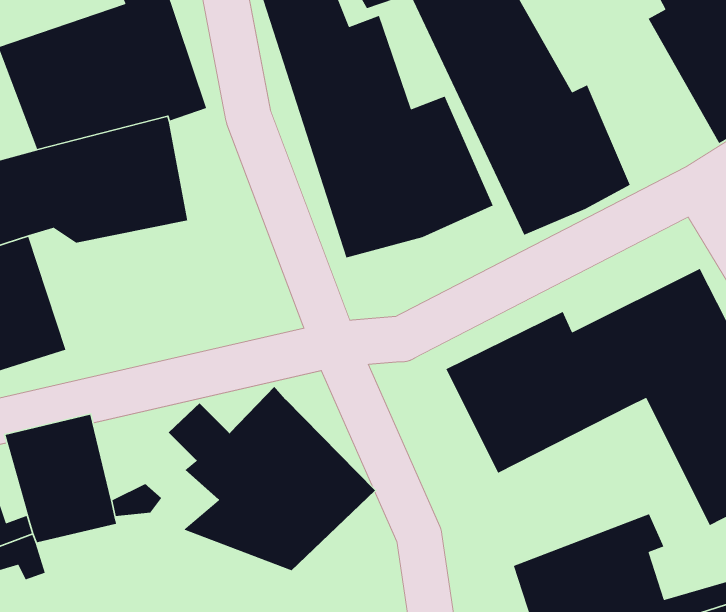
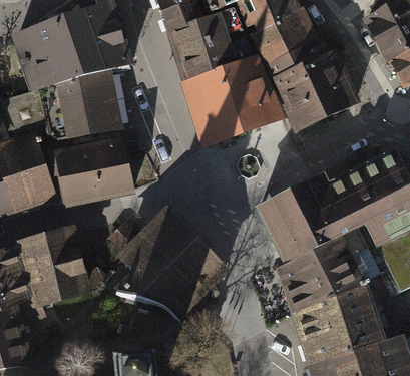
building: none -> [56,140,133,208]
building: none -> [279,227,390,312]

